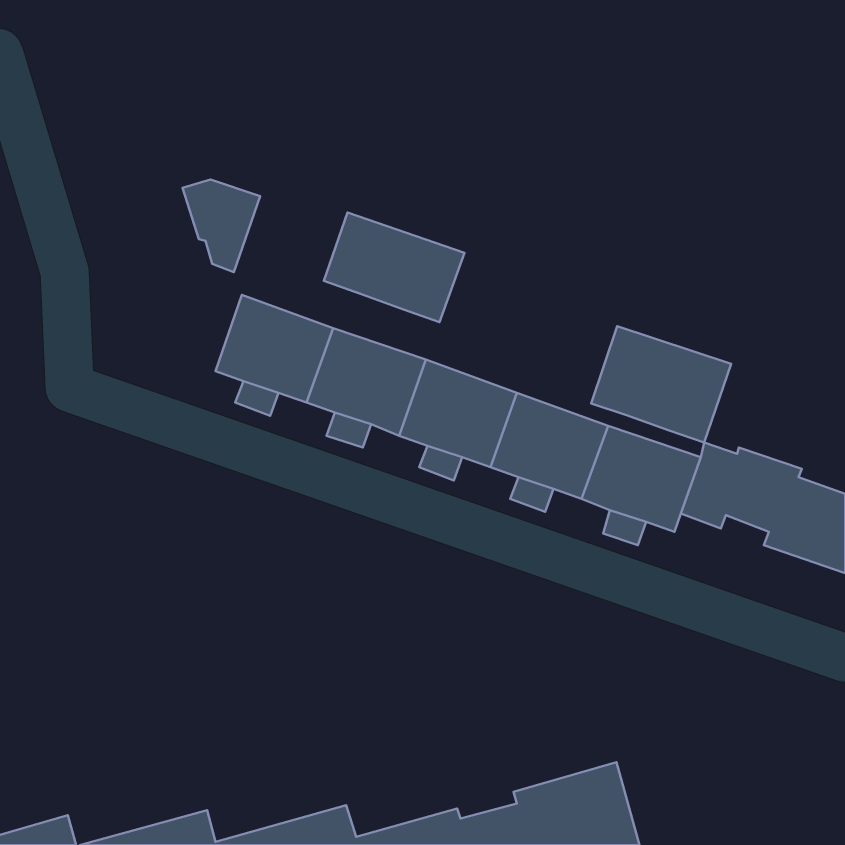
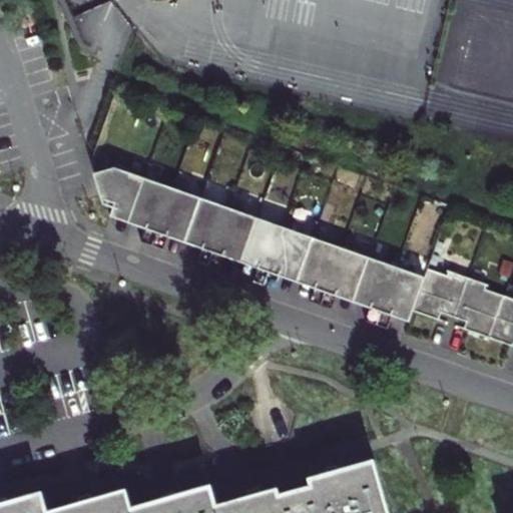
building: [182,179,260,272] -> [99,168,146,224]
building: [324,212,465,322] -> none
building: [591,326,731,442] -> none

